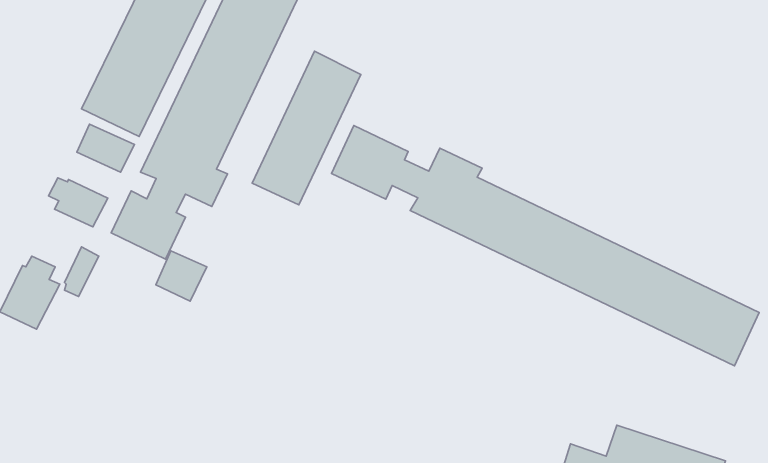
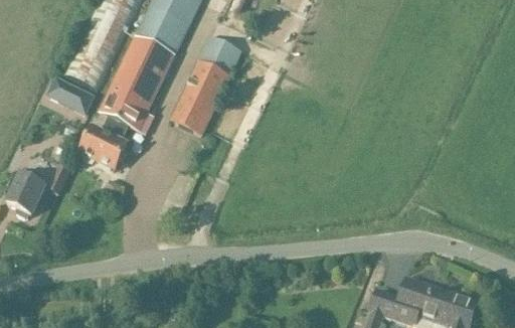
building: [332,126,759,366] -> none
building: [49,178,108,227] -> none
building: [156,251,207,301] -> none

